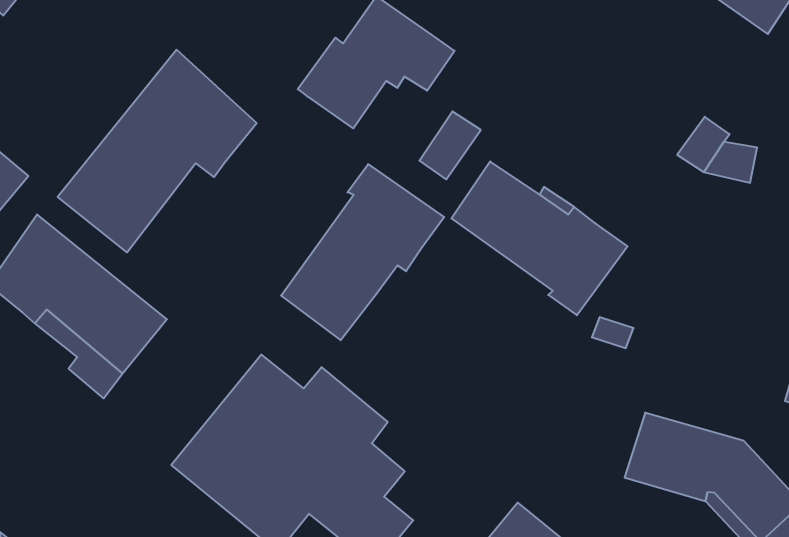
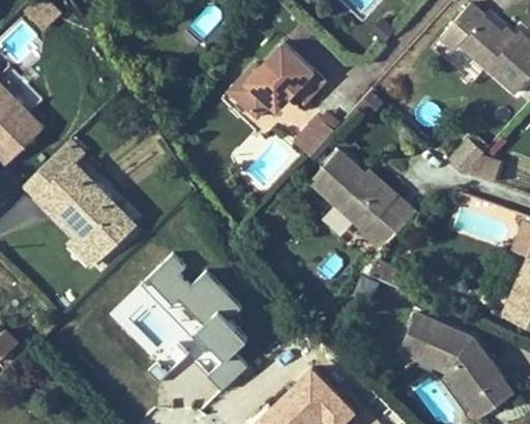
building: [58,50,257,252] -> none
building: [281,164,444,340] -> none

